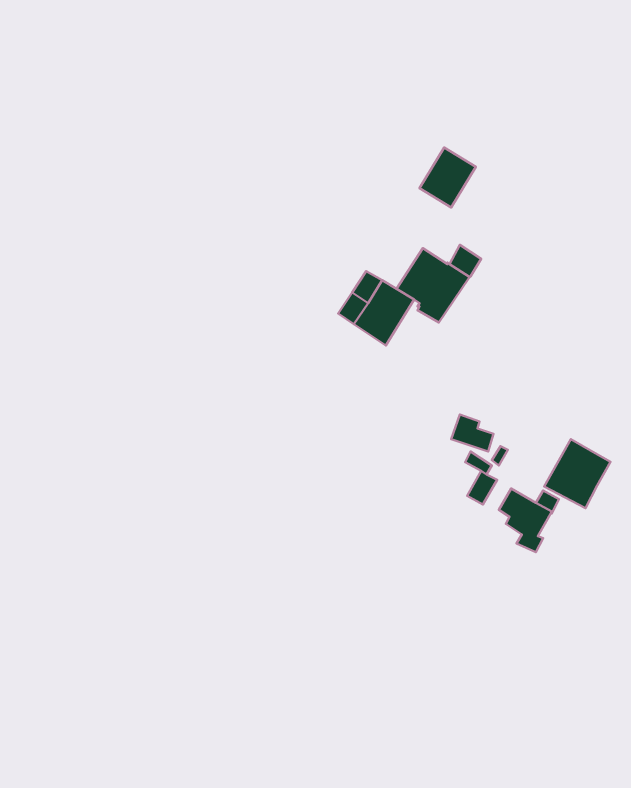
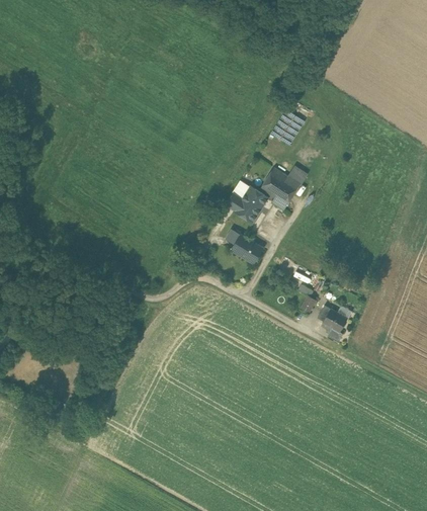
building: none -> [230,234,262,263]
building: [544,439,610,508] -> none

